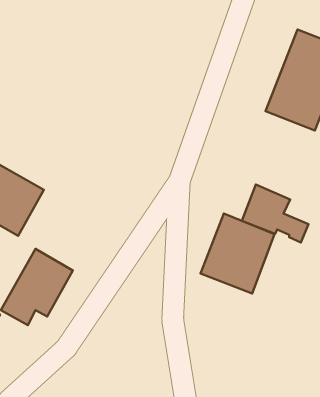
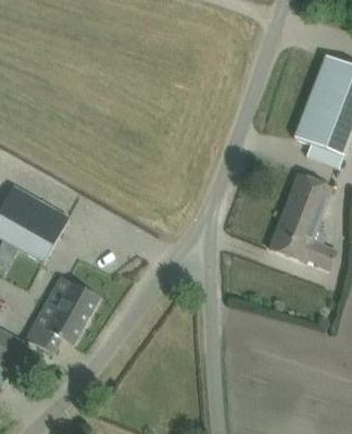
building: none -> [282,173,334,225]
building: [201,214,275,294] -> none

